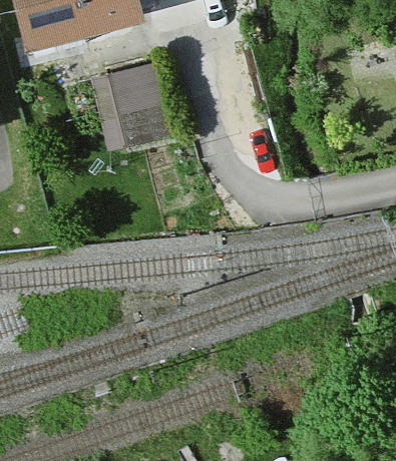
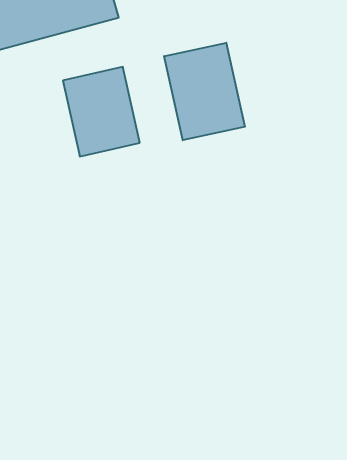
building: none -> [164,43,245,140]

